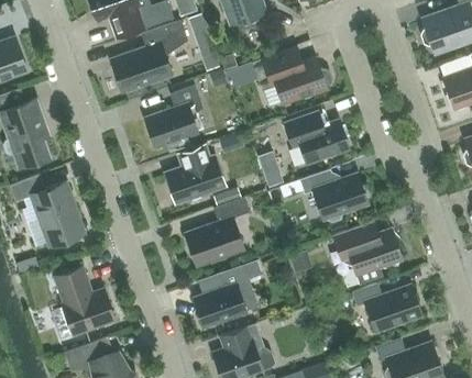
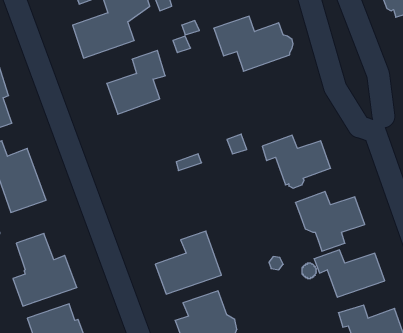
building: [285,111,350,165] -> none
building: [165,144,227,203] -> none
building: [185,197,251,267] -> none

